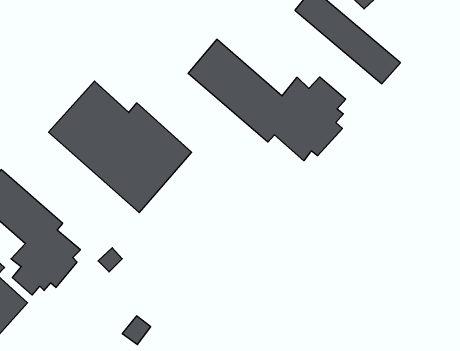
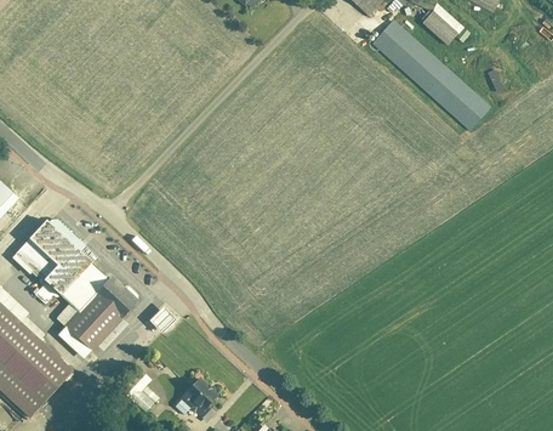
building: [188,39,346,161] -> none
building: [49,81,192,213] -> none

